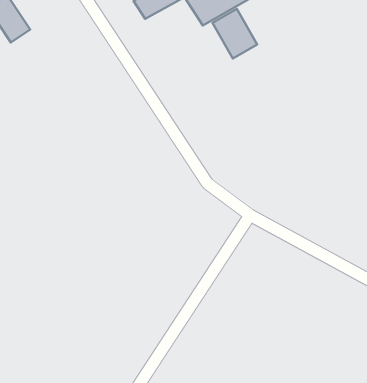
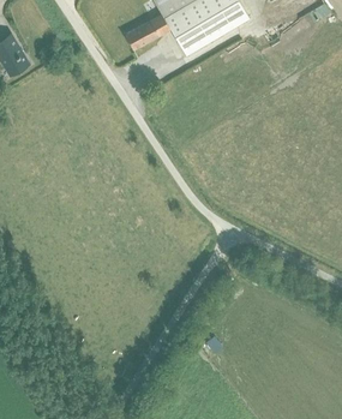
building: [212,9,257,59] -> none

